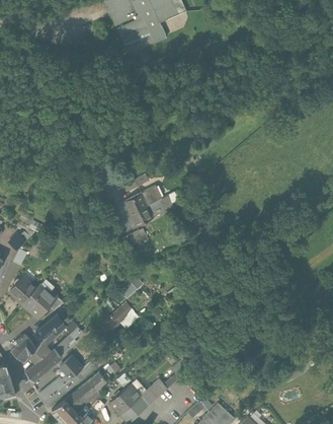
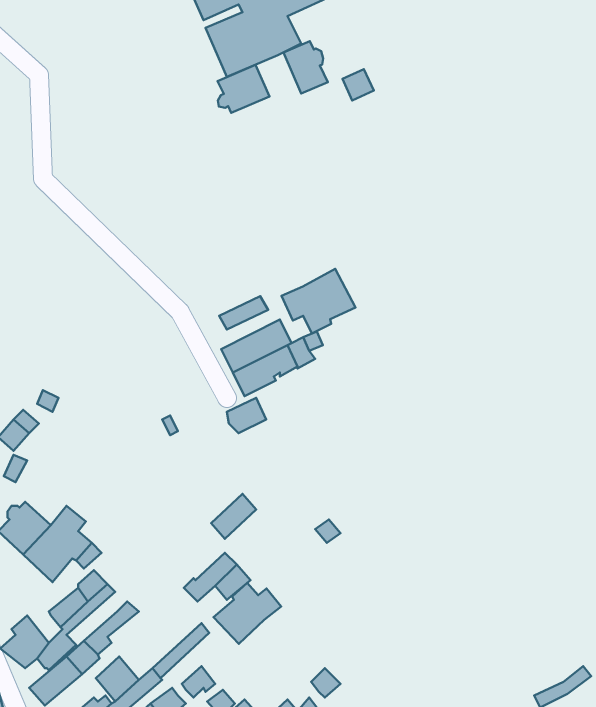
building: none -> [284,41,328,94]
building: none -> [217,65,269,113]
building: none -> [282,269,356,334]
building: none -> [214,583,281,644]

